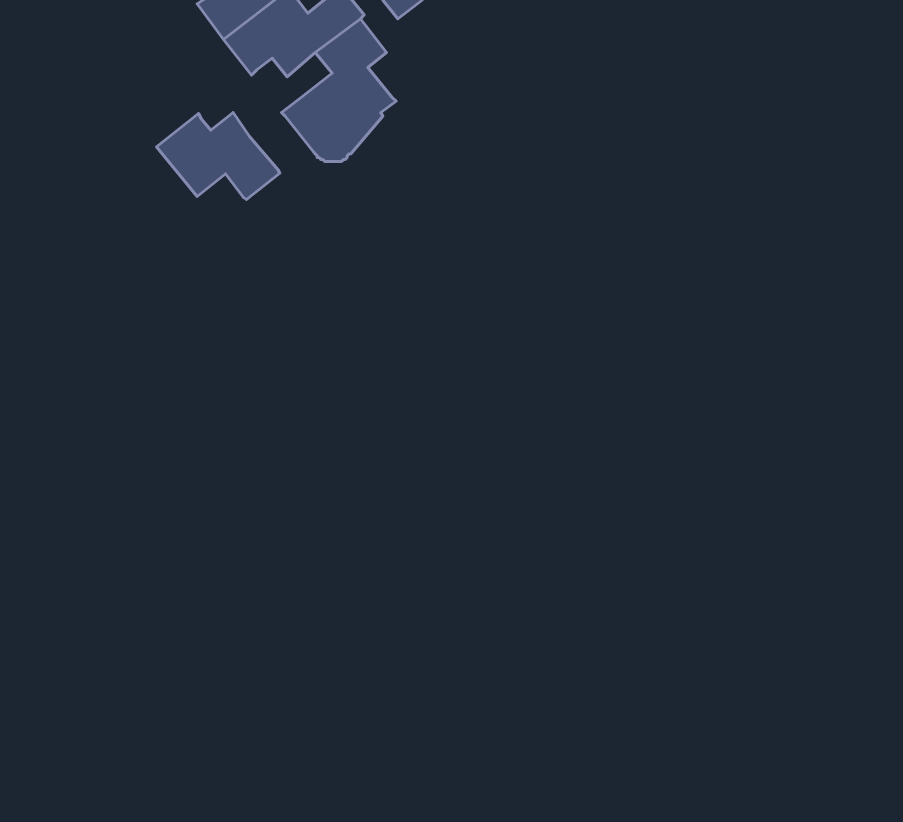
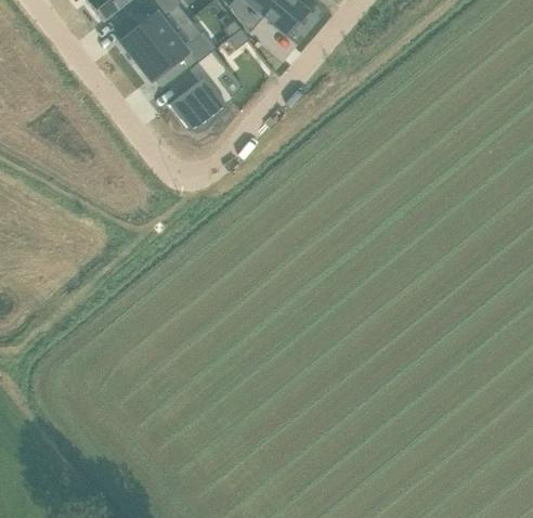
building: [157,113,280,199] -> none

